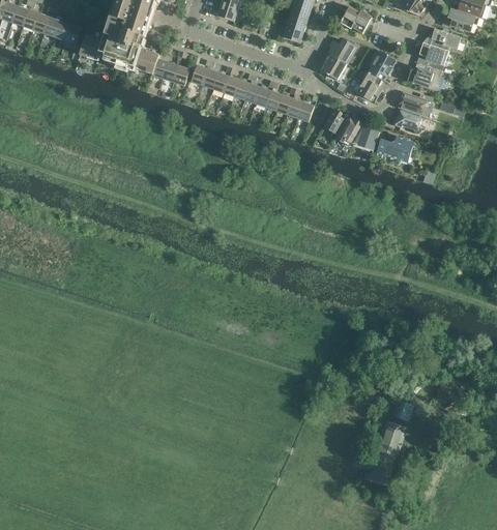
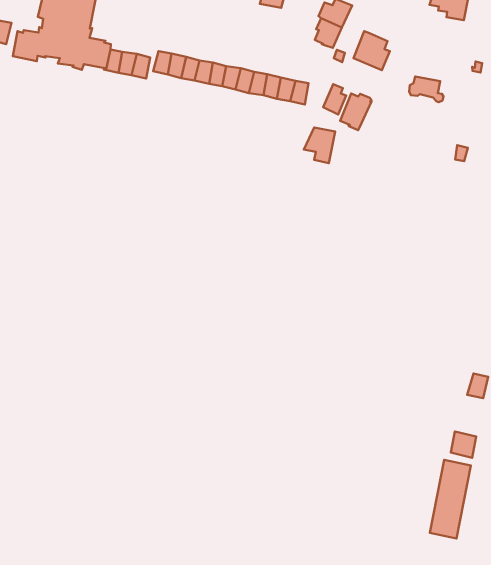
building: [367,50,393,79] -> none
building: [406,64,443,89] -> none
building: [398,90,431,113] -> none
building: [351,124,378,154] -> [304,127,335,163]
building: [376,135,412,160] -> none

